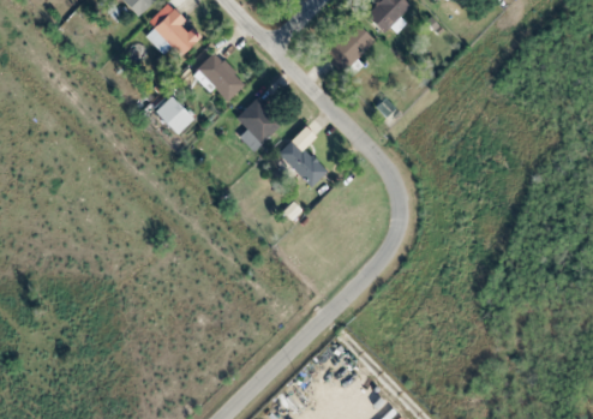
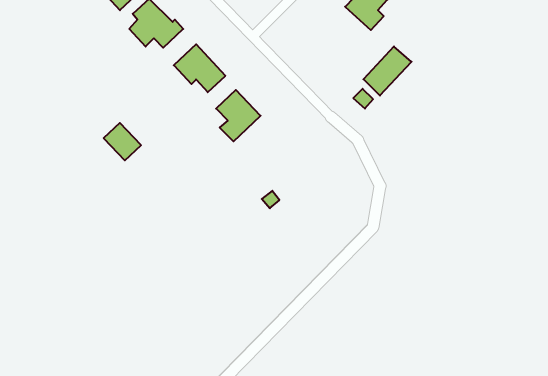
building: [327,24,376,74] -> [363,46,412,96]
building: [155,96,193,134] -> [104,123,141,160]
building: [280,126,328,186] -> none

